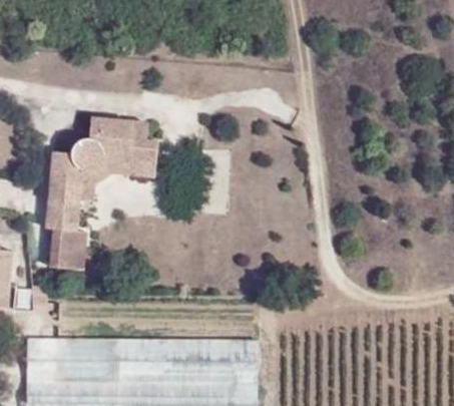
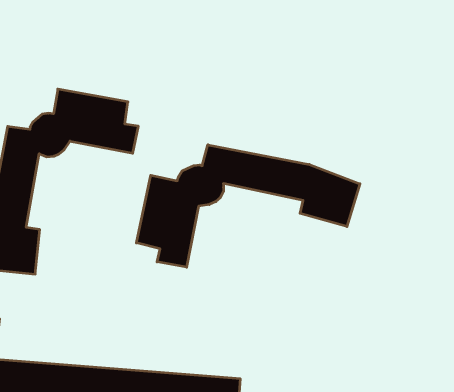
building: none -> [136,145,360,267]

